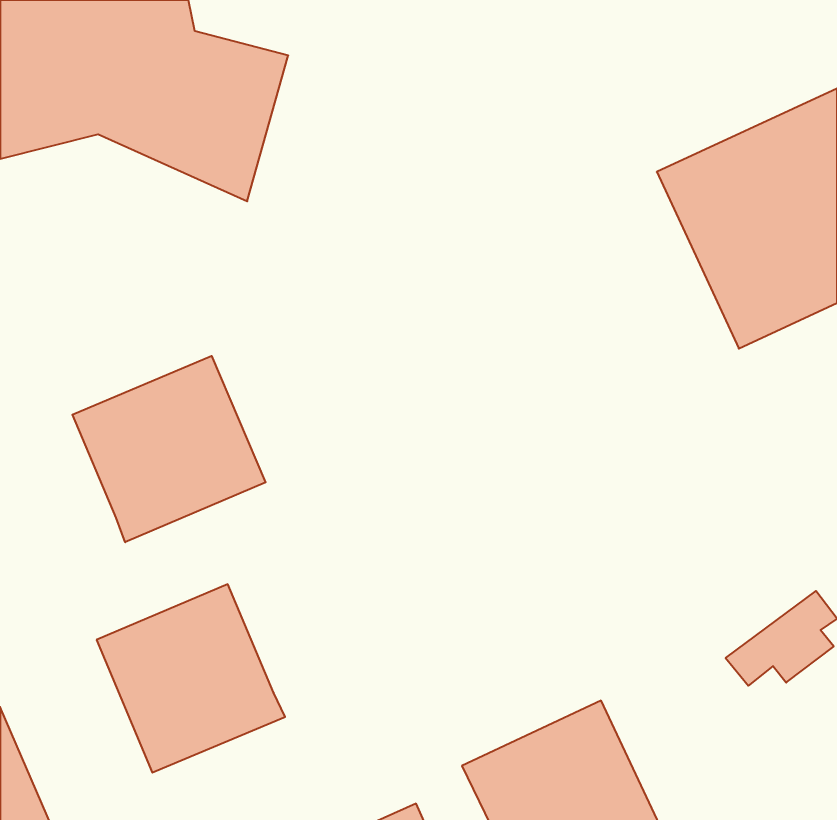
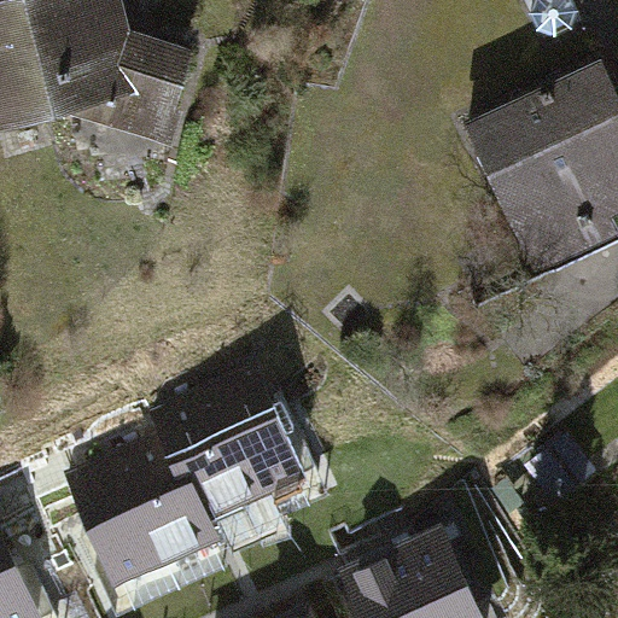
building: [72,356,266,542] -> none
building: none -> [159,381,298,523]

